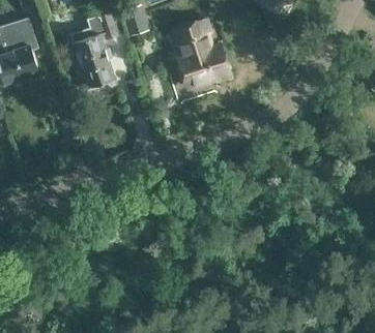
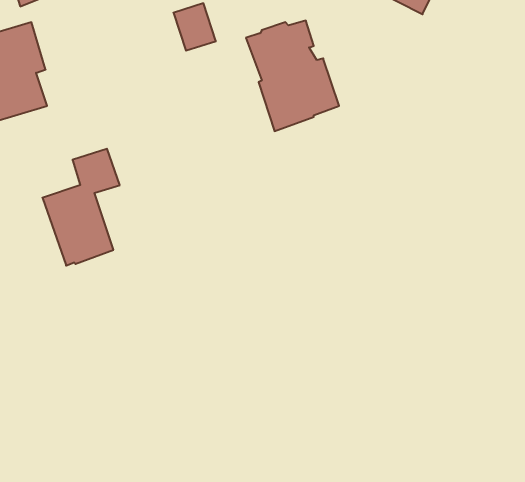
building: [67,12,118,89] -> [42,149,120,266]

